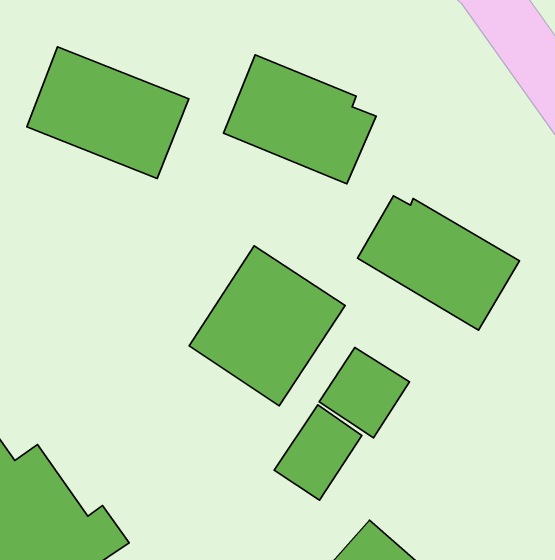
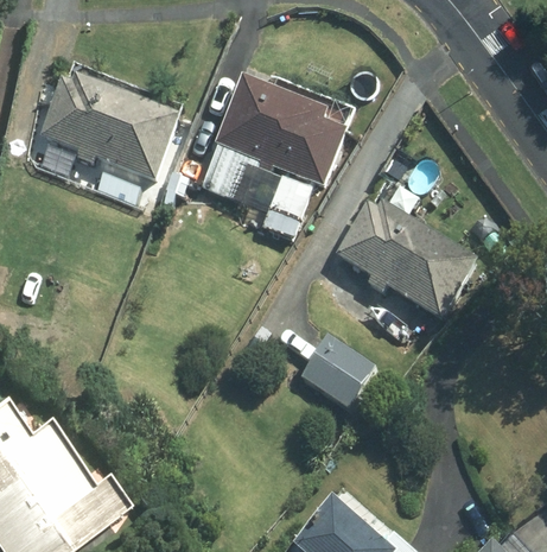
building: [189,246,345,406] -> none
building: [274,405,362,500] -> none

